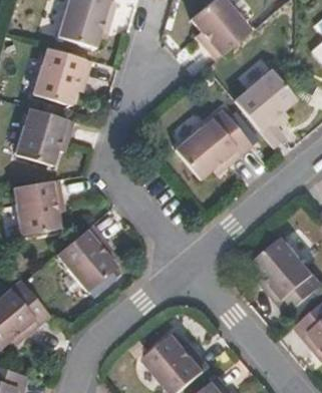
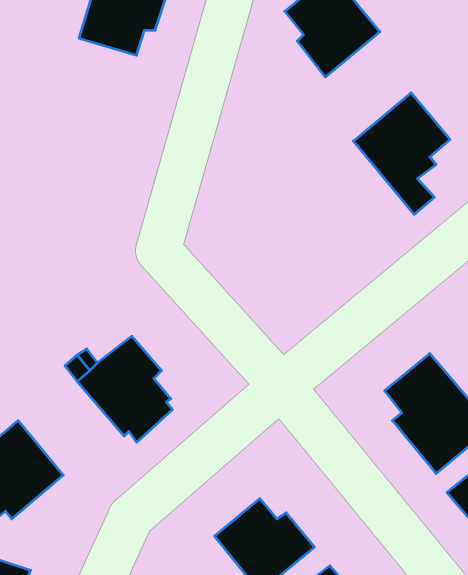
building: [33,48,91,103] -> none
building: [16,109,73,164] -> none
building: [176,109,253,179] -> none
building: [13,180,64,235] -> none

